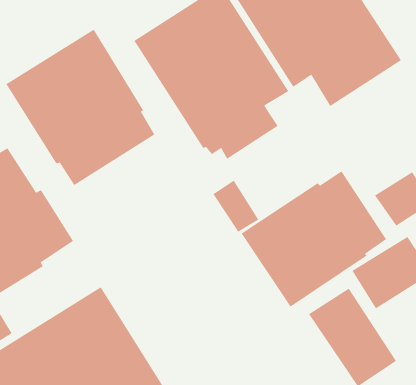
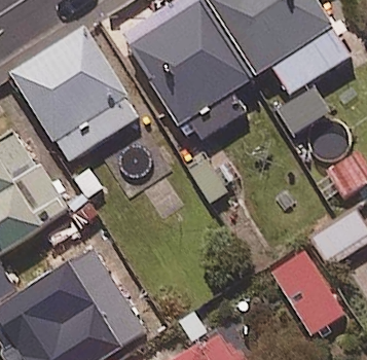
building: [241,170,387,308] -> none

